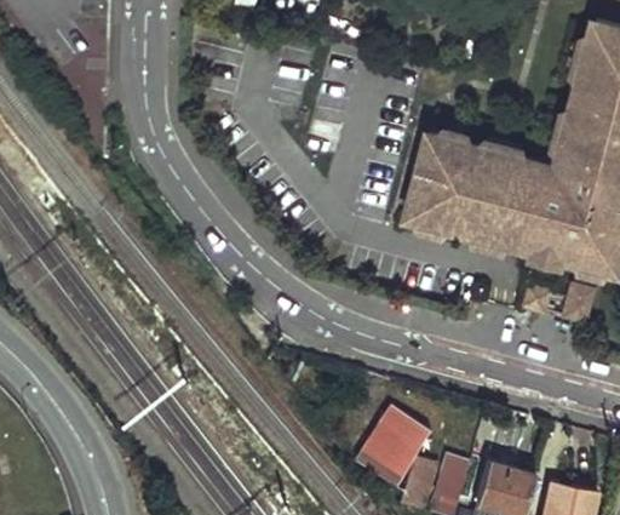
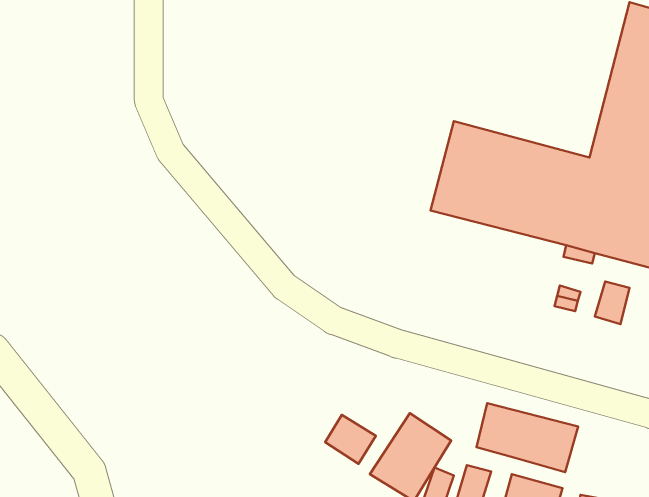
building: none -> [476,403,578,472]
building: none -> [325,415,376,464]

